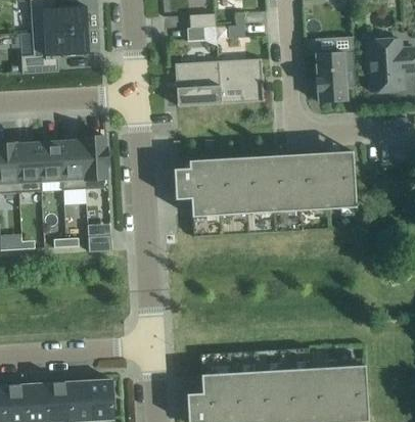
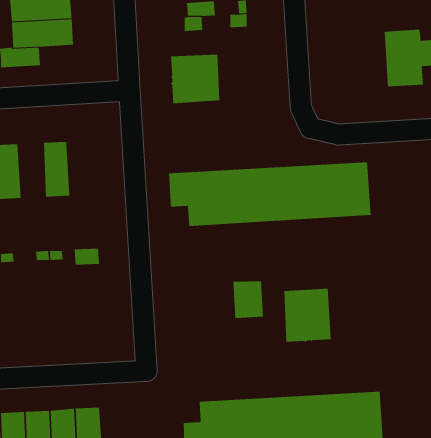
building: [315,50,355,101] -> none
building: [218,57,263,102] -> none
building: [82,135,108,188] -> none
building: [38,140,62,190] -> none
building: none -> [233,280,264,319]
building: none -> [284,288,331,343]

